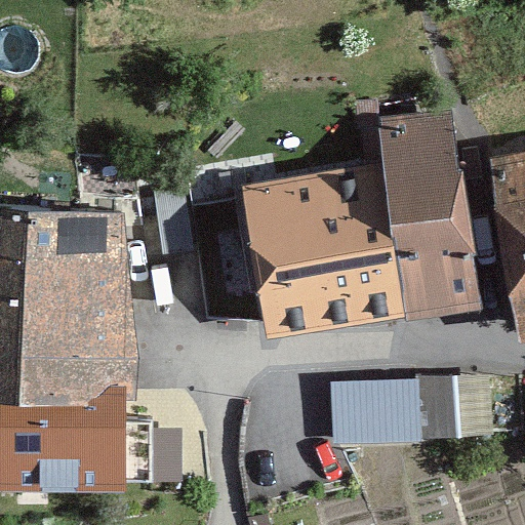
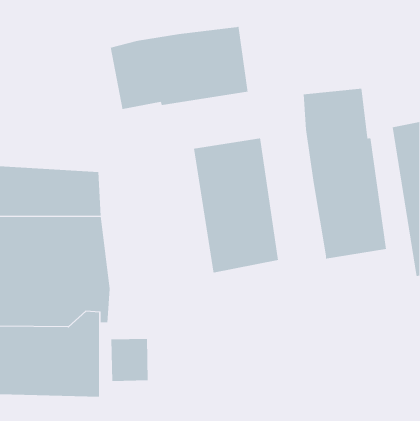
building: none -> [110,26,248,110]
building: [324,162,404,324] -> none
building: [332,367,495,435] -> none

